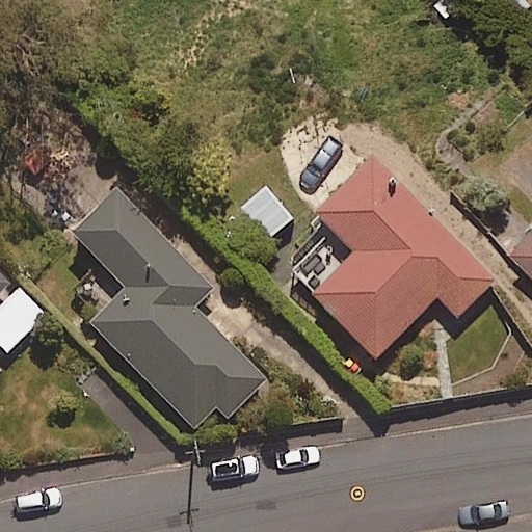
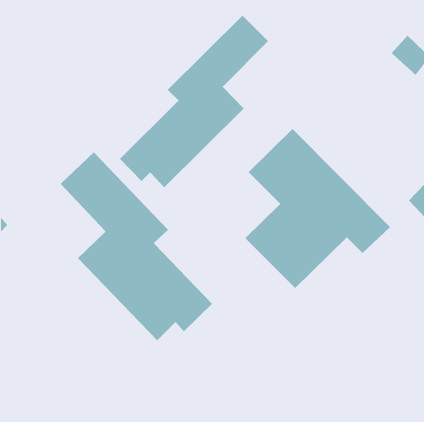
building: none -> [119,15,269,188]

